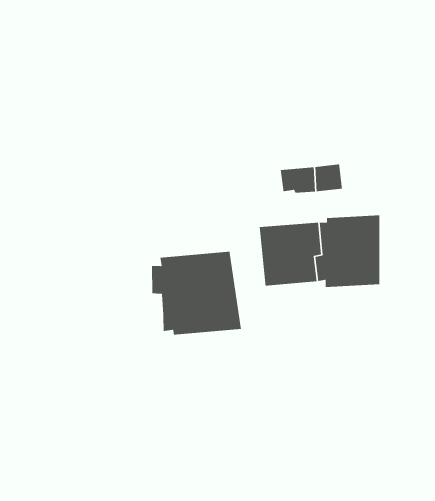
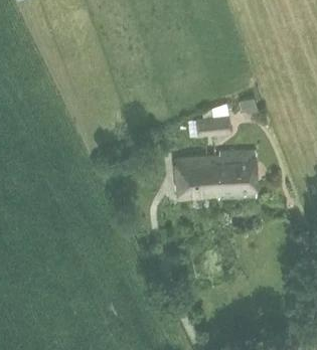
building: [151,251,242,335] -> none

